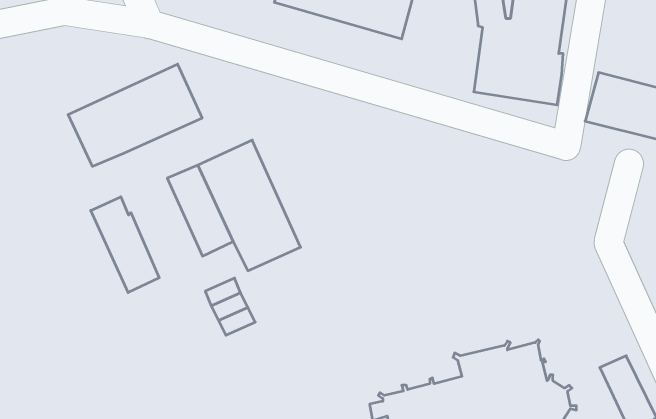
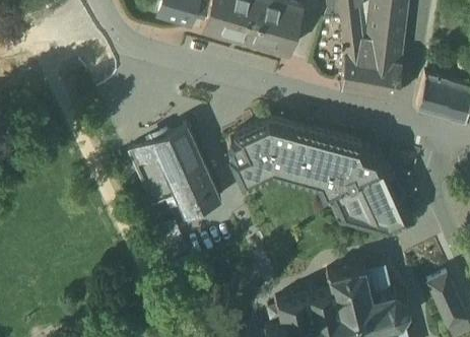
building: [68,64,202,166] -> none
building: none -> [228,119,410,228]
building: [91,197,159,293] -> none

